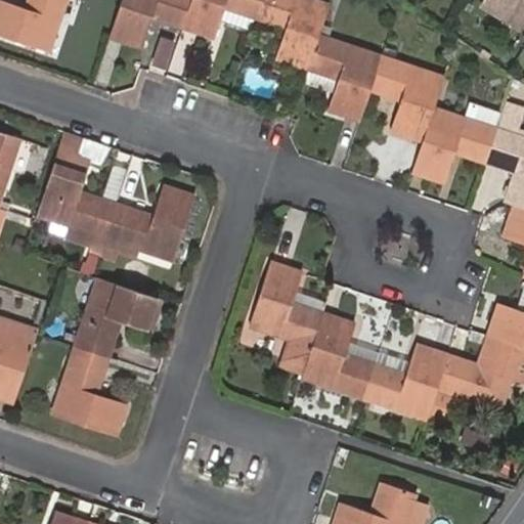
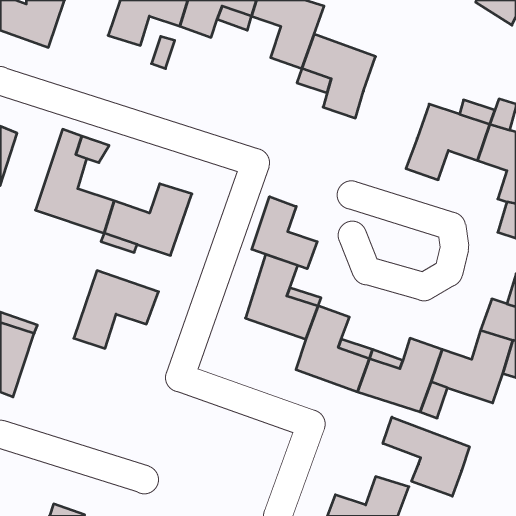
building: [368,57,444,140] -> none
building: none -> [252,197,317,269]
building: [51,343,125,435] -> none
building: none -> [383,417,469,496]

